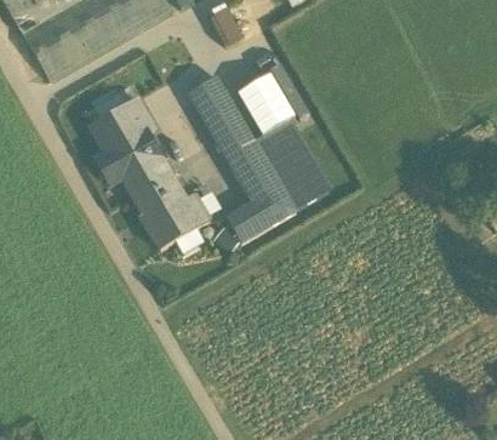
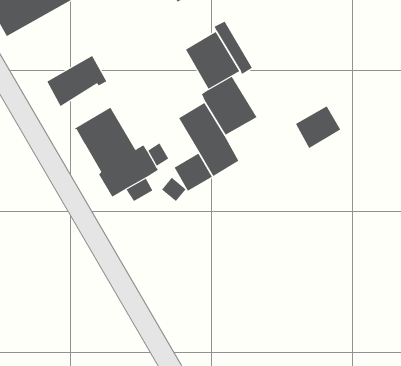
building: [188,75,258,165] -> none
building: [95,128,159,184] -> none
building: [280,164,329,210] -> [295,105,341,149]

